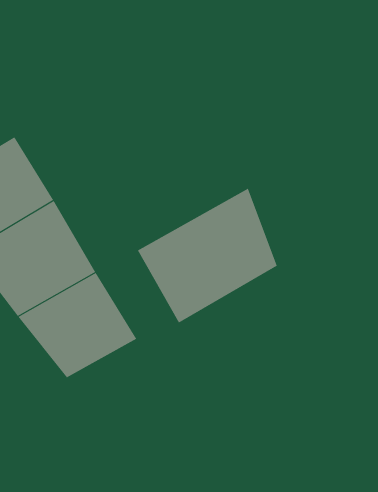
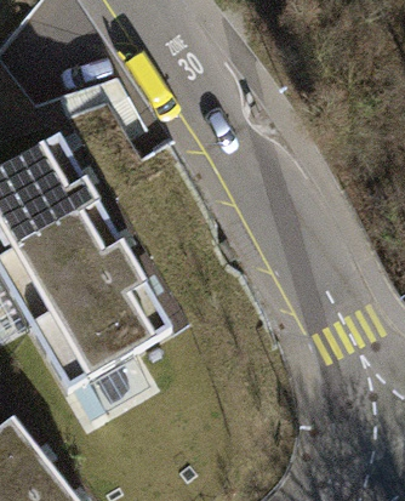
building: [137,188,278,323] -> none

